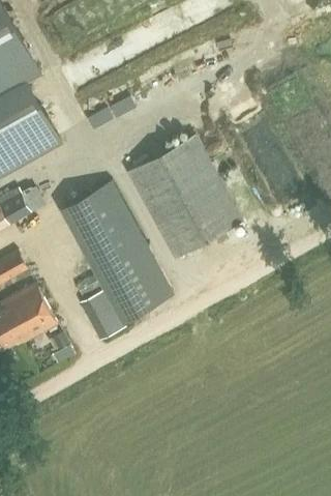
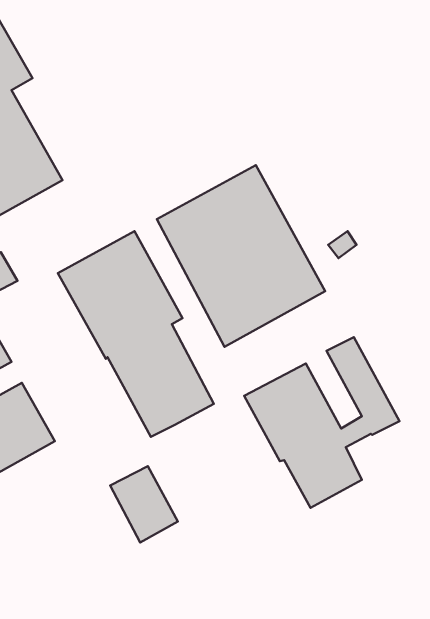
building: none -> [244,337,400,508]
building: [79,288,125,341] -> [110,466,178,543]

